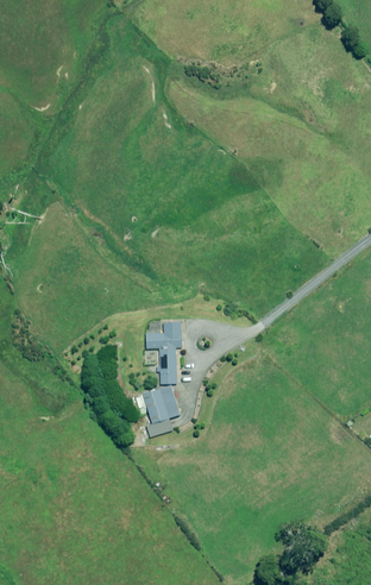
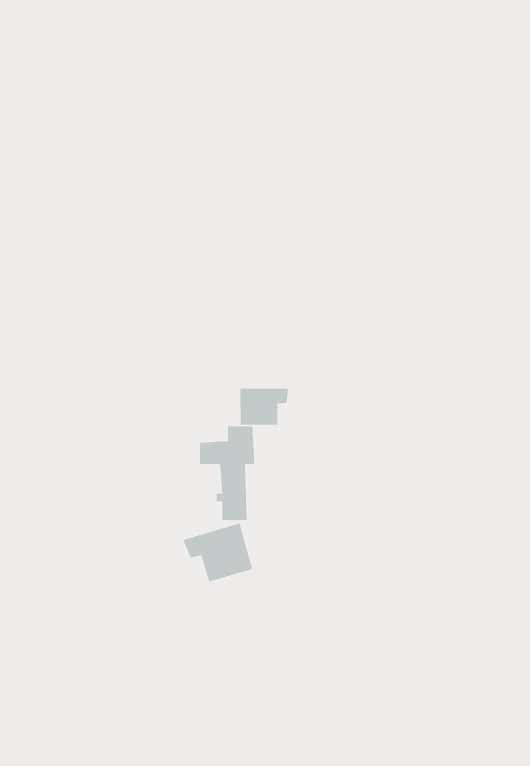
building: none -> [239,388,289,425]

